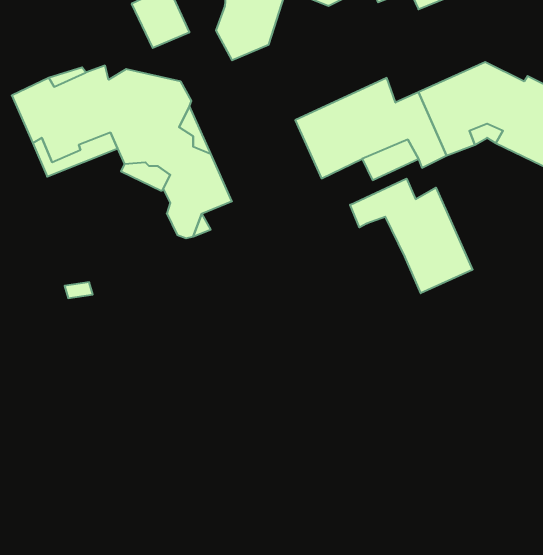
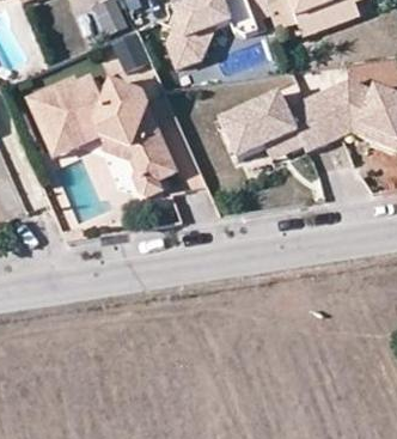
building: [350,179,473,293] -> none

